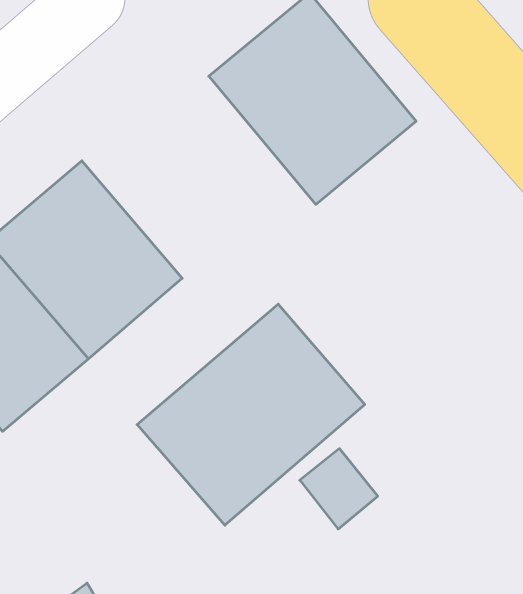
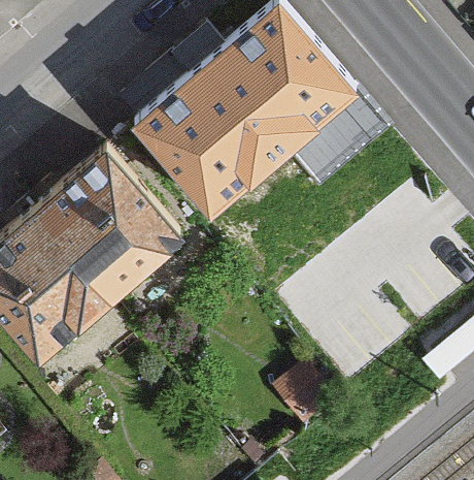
building: none -> [127,67,283,227]
building: [137,304,365,525] -> none

